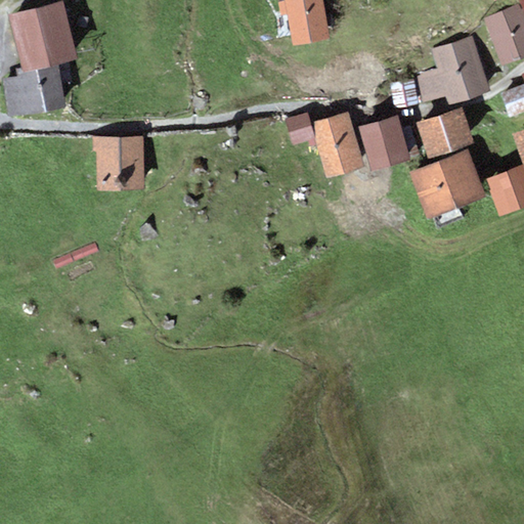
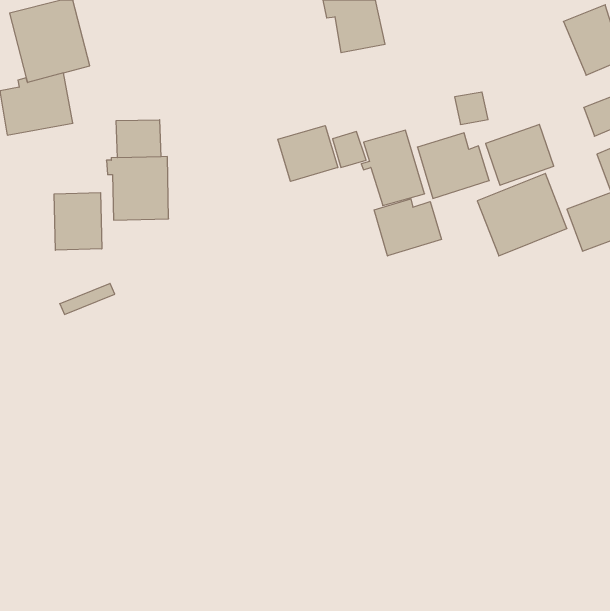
building: [414,35,491,103] -> none
building: none -> [116,120,161,158]
building: none -> [278,126,338,181]
building: none -> [54,193,102,250]
building: none -> [374,199,442,256]

